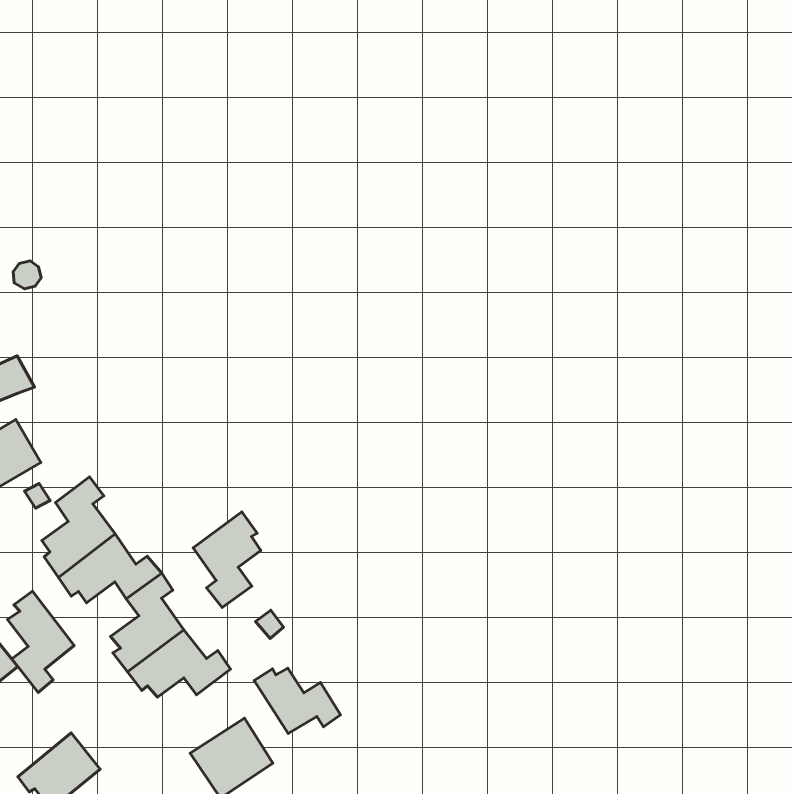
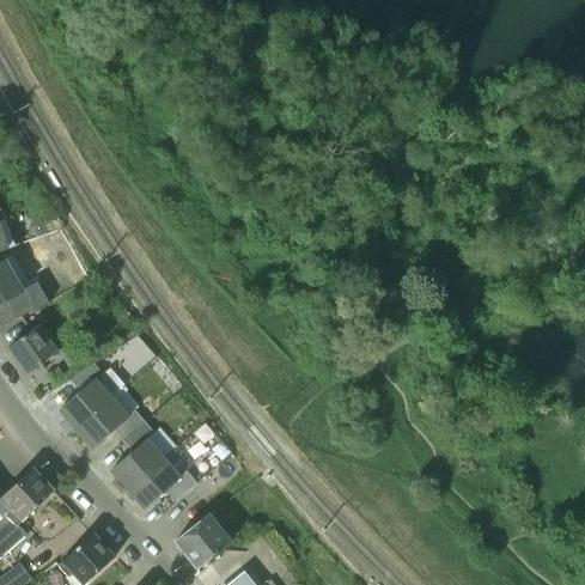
building: [193,512,261,607] -> none
building: [7,591,74,693] -> none
building: [254,668,341,733] -> none

